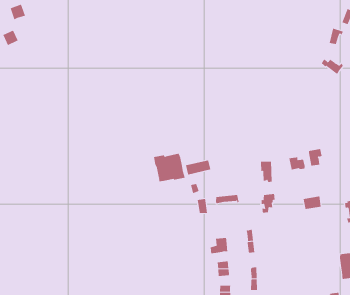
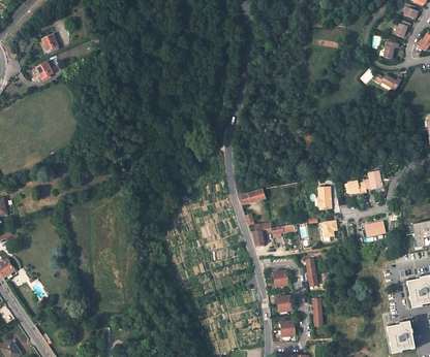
building: [153,153,186,182] -> none

